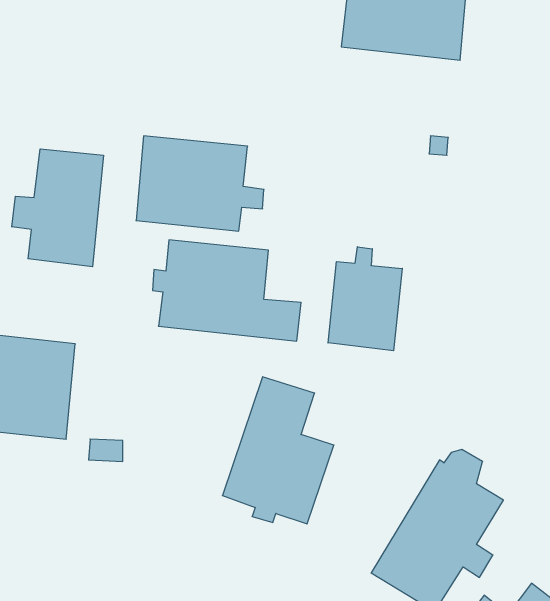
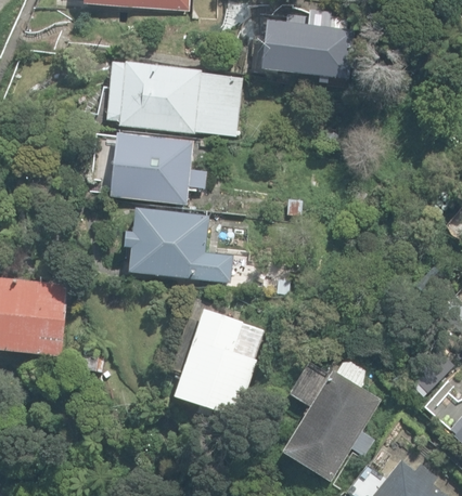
building: none -> [107,62,241,134]
building: [12,149,103,267] -> none
building: [328,247,402,351] -> none

